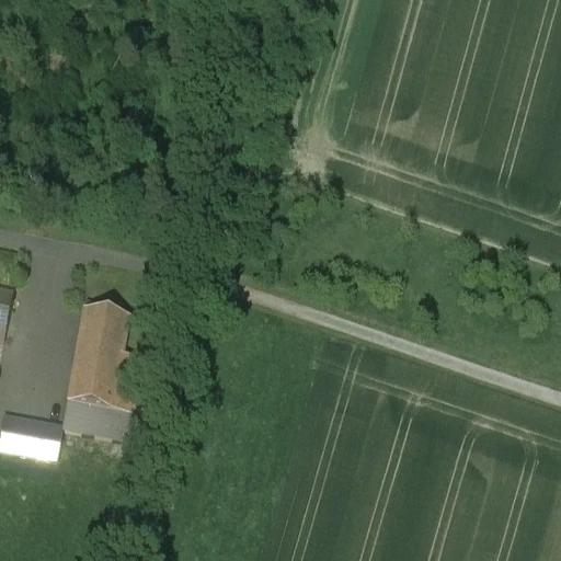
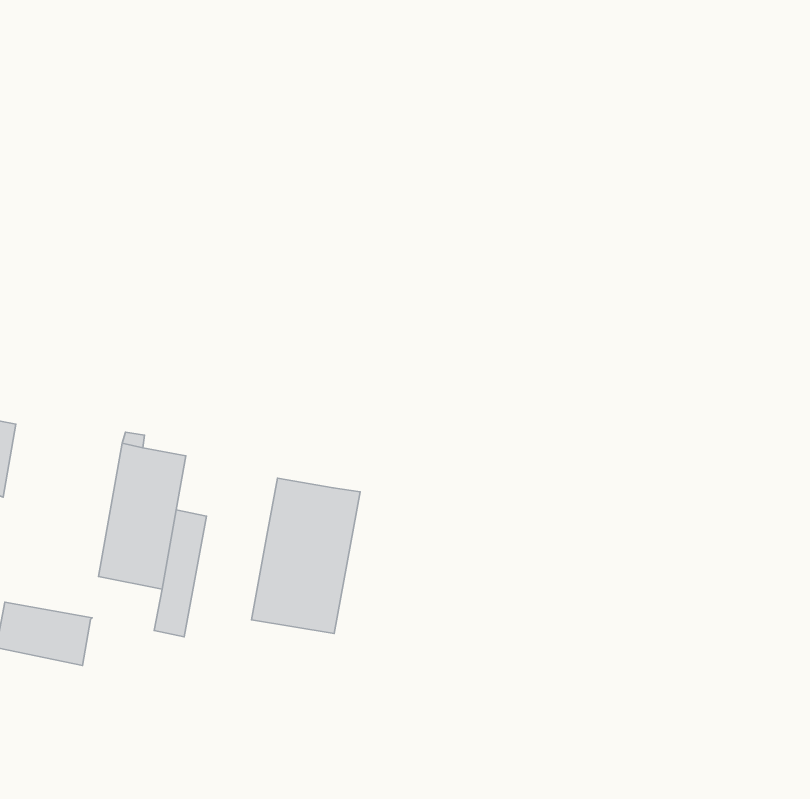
building: none -> [252,478,360,633]
building: [62,398,112,435] -> none

